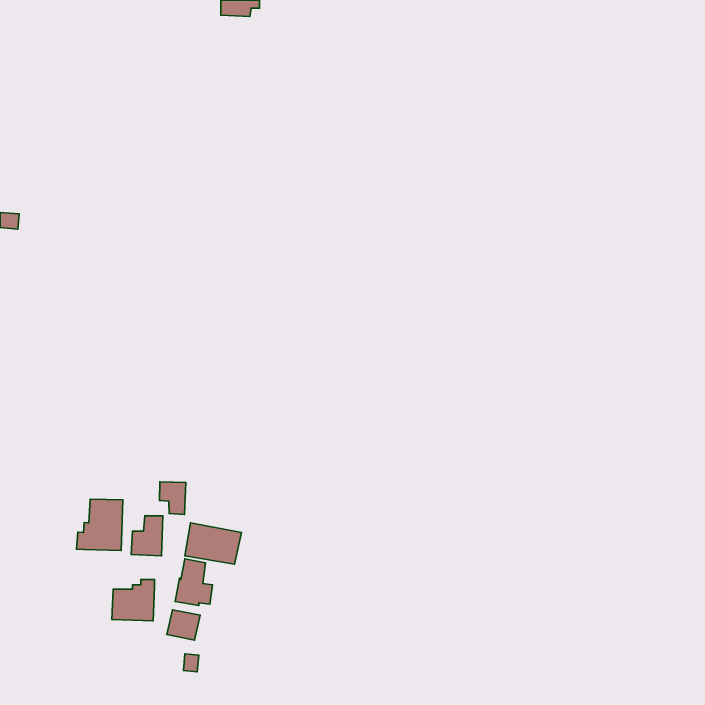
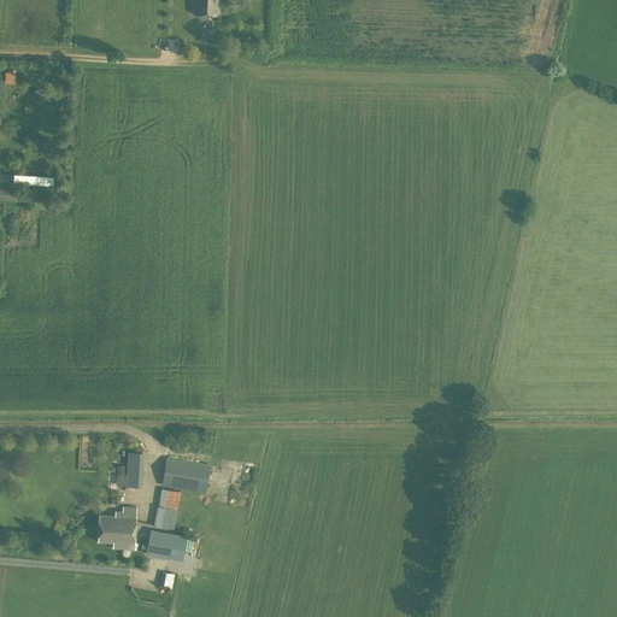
building: [160,482,186,514] -> none
building: [77,499,123,551] -> none

